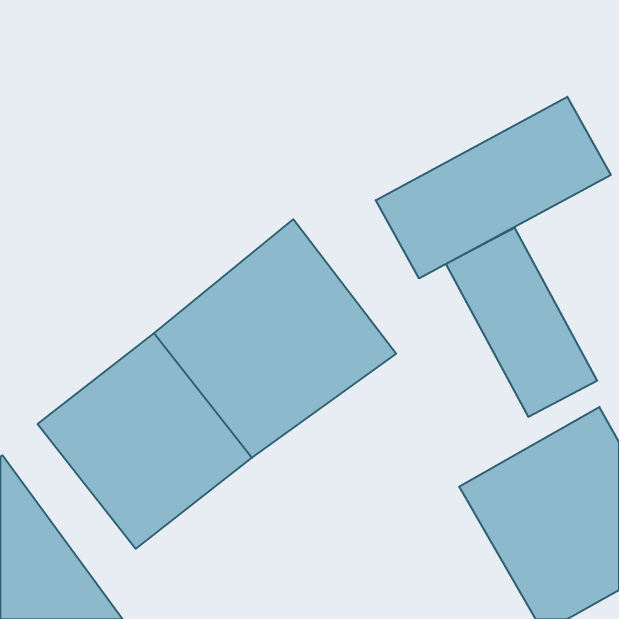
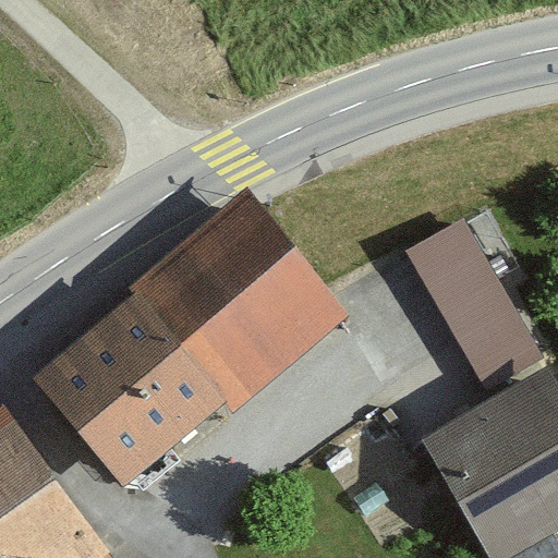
building: [376,97,611,278] -> none

